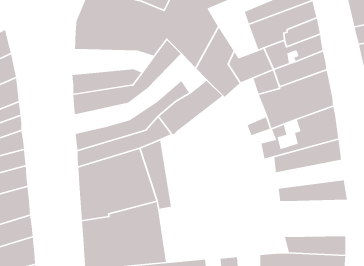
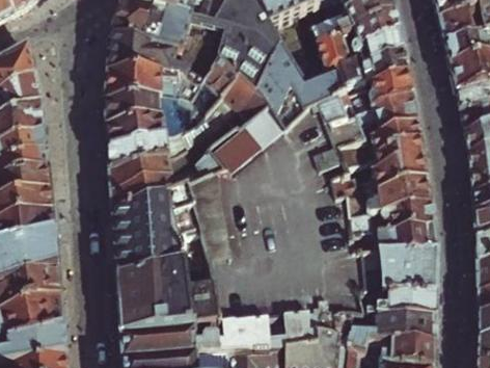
building: none -> [106,72,205,102]
building: none -> [109,77,268,173]
building: none -> [350,205,433,238]
building: none -> [358,253,437,296]

